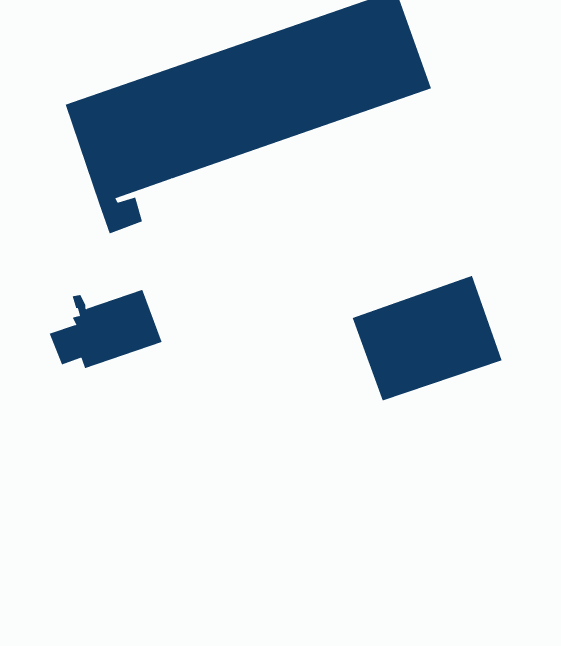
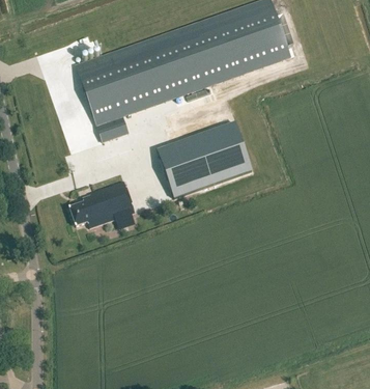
building: [352,275,503,401] -> [158,124,246,198]

